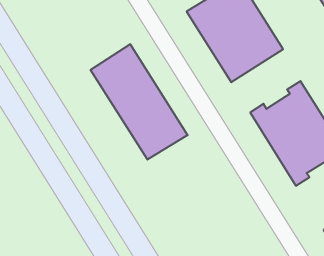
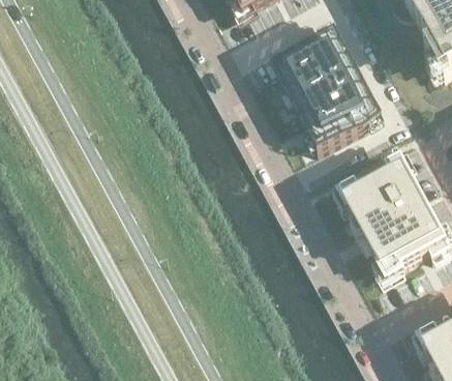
building: [91,44,188,160] -> none

